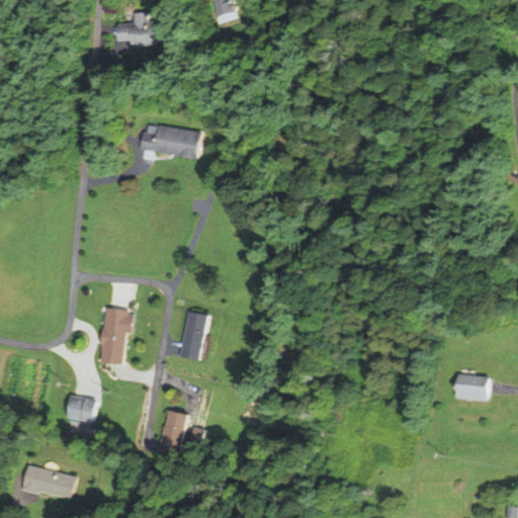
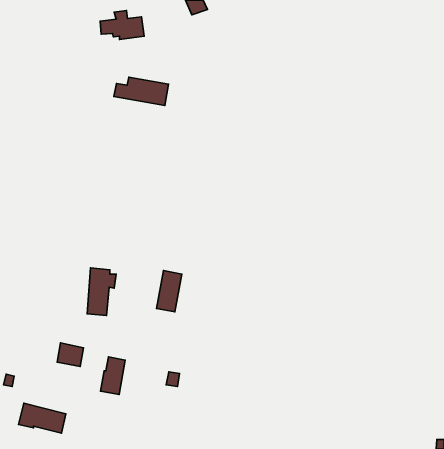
building: [139,125,201,158] -> [114,77,168,105]
building: [453,374,485,399] -> none
building: [161,410,189,453] -> [101,357,125,395]

